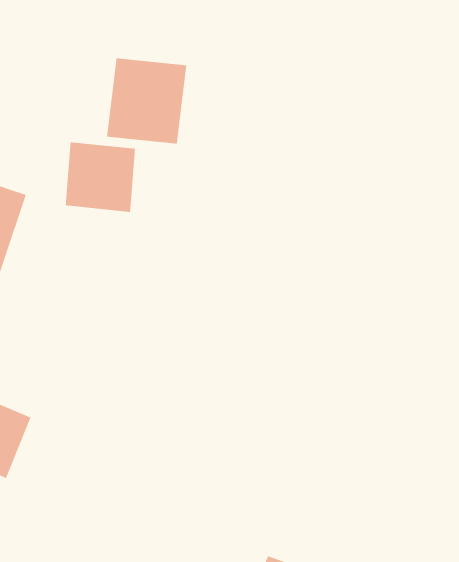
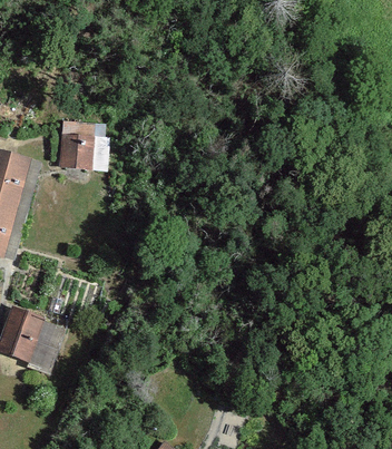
building: [106,58,187,144] -> none

